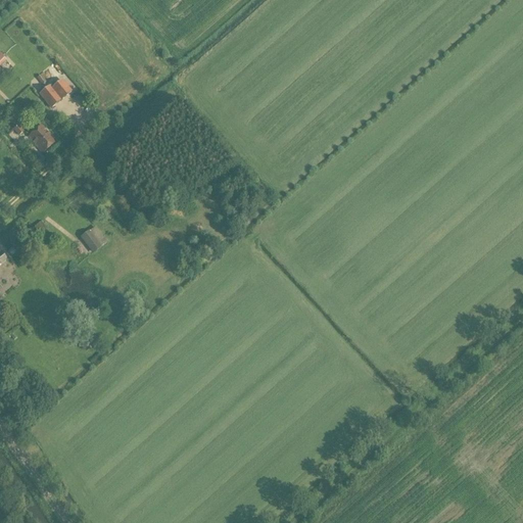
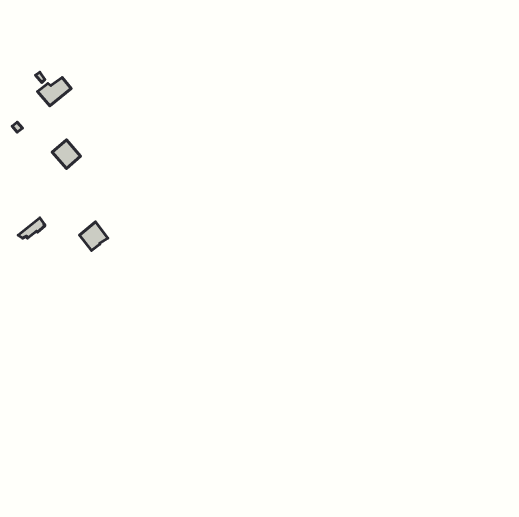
building: [27,123,55,151] -> [52,140,81,168]

